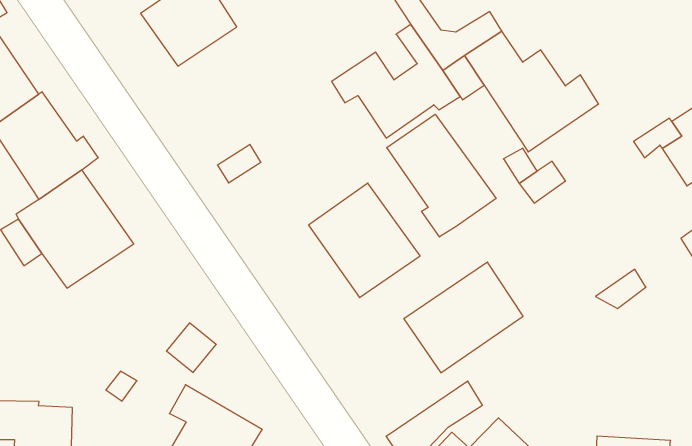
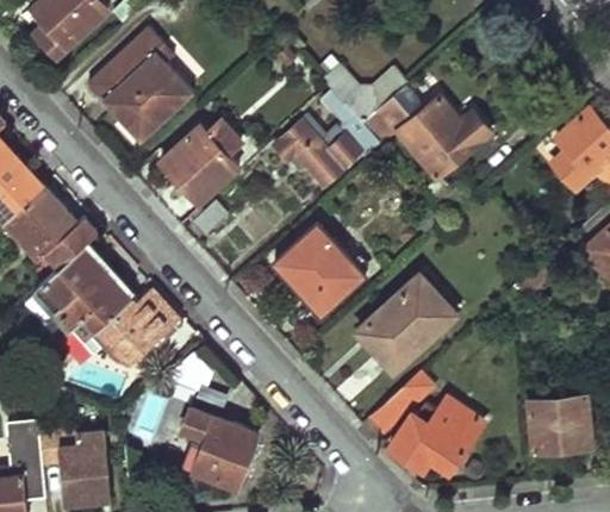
building: none -> [160,123,239,206]
building: [387,114,496,237] -> none
building: none -> [86,291,181,367]

